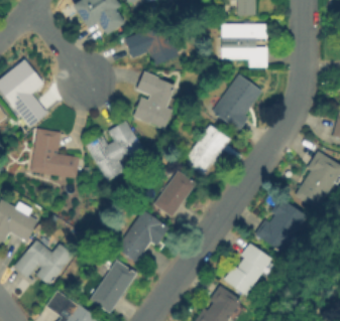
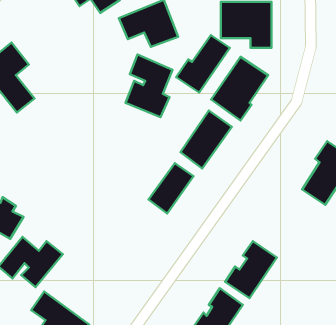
building: none -> [176,35,230,92]
building: [86,121,142,180] -> none
building: [28,130,78,178] -> none
building: [252,199,305,254] -> none
building: [112,211,168,263] -> none
building: [89,261,135,314] -> none

